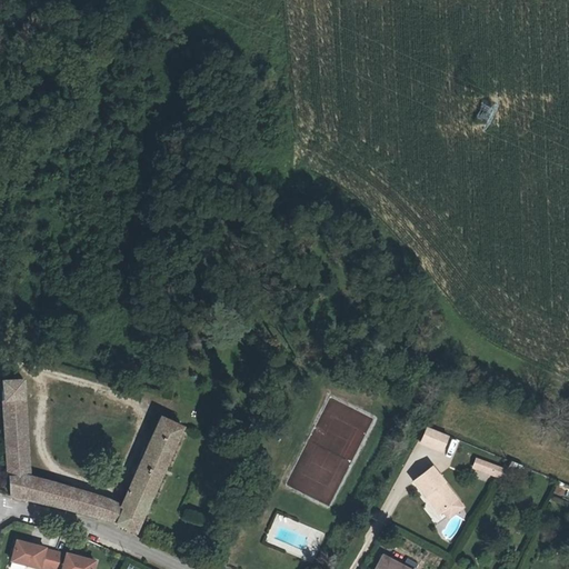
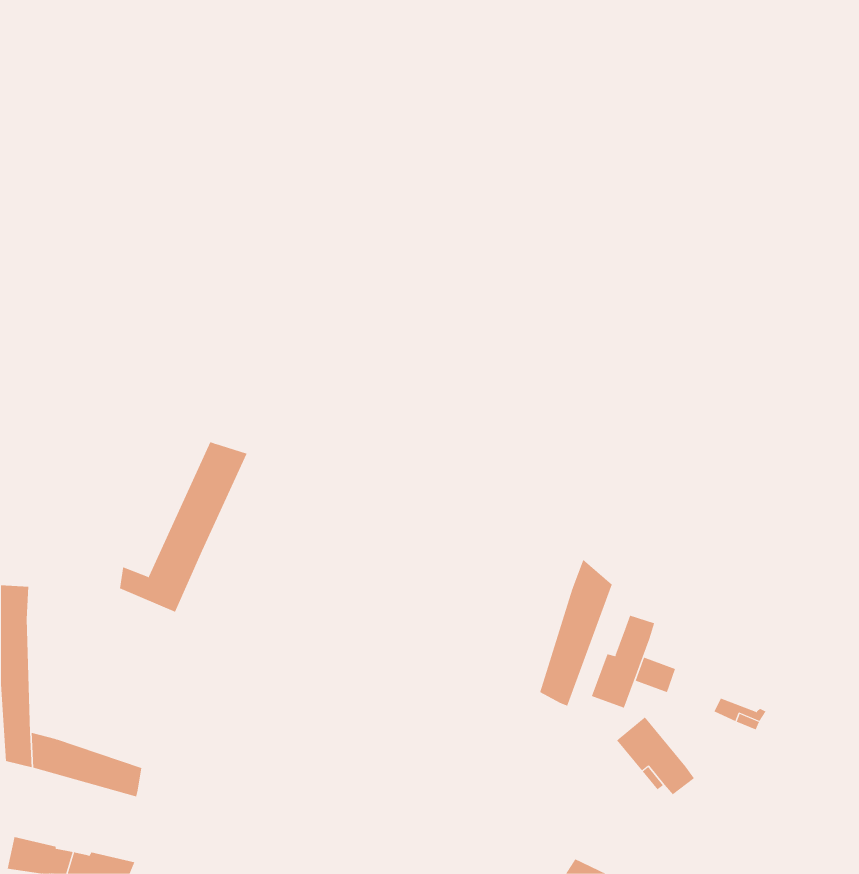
building: none -> [539,559,613,707]
building: none -> [591,615,655,709]
building: [100,418,183,529] -> [119,442,247,613]

